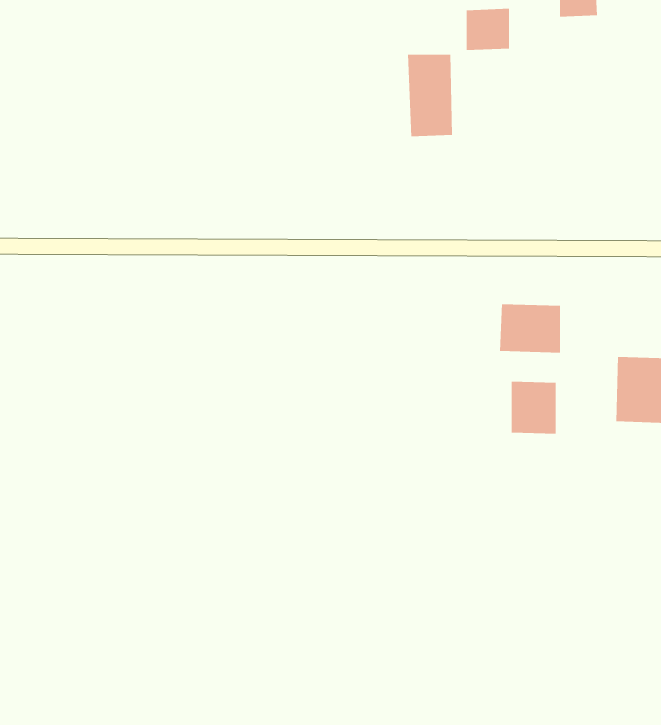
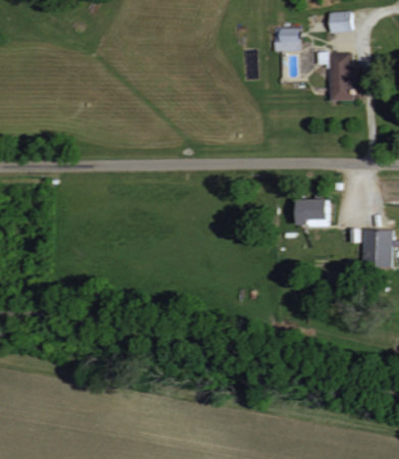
building: [407,54,453,137] -> [329,52,355,100]
building: [511,381,556,435] -> none

